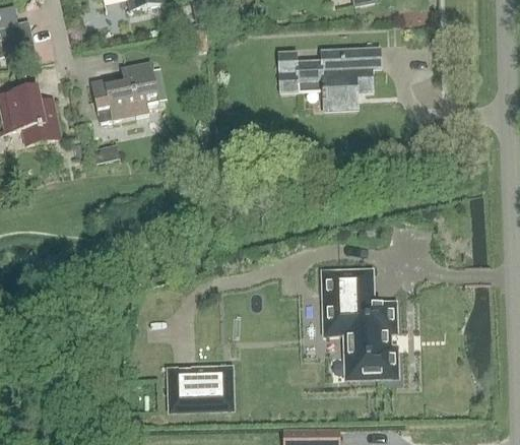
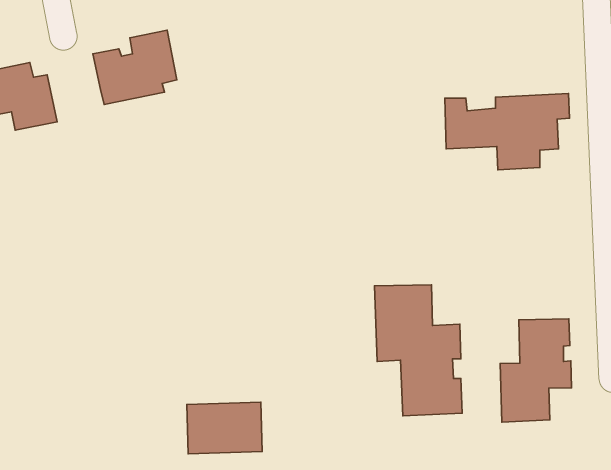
building: [278,47,381,110] -> [445,93,570,170]
building: none -> [500,319,572,422]

